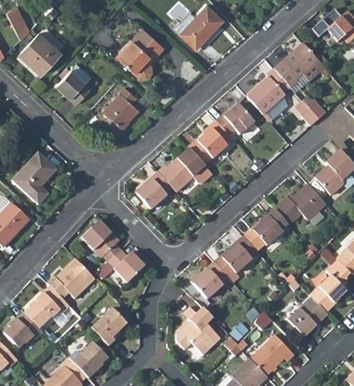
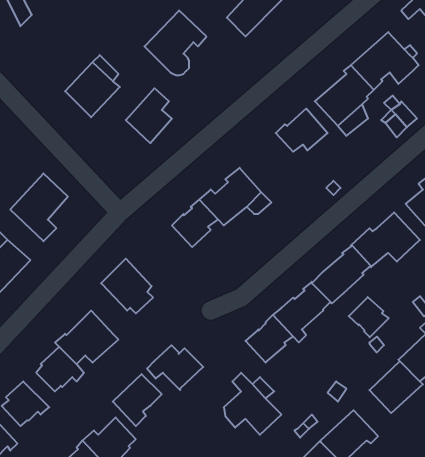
building: [18,32,59,73] -> none
building: [198,122,233,158] -> none
building: none -> [349,297,389,337]
building: [103,248,146,282] -> [147,345,203,390]

